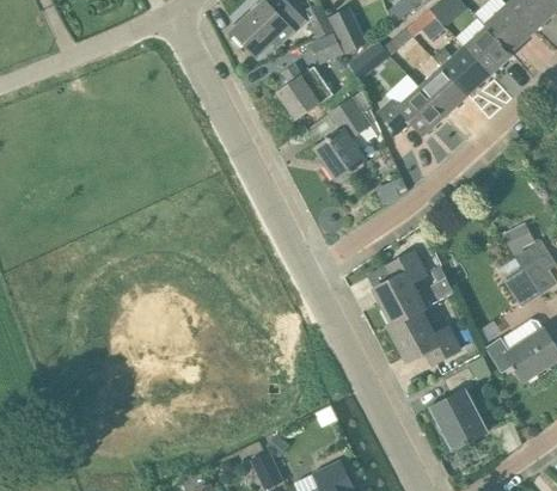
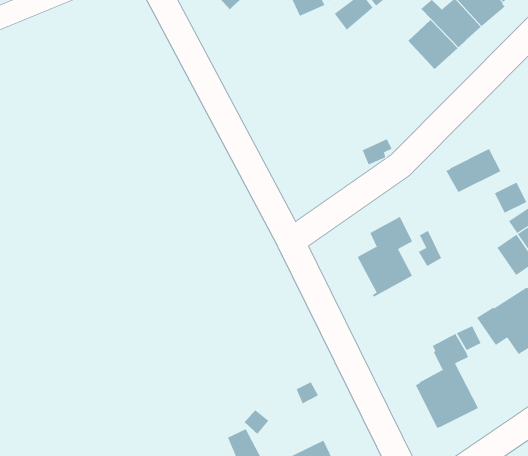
building: [277,63,333,119] -> none
building: [377,86,446,135] -> none
building: [317,99,377,178] -> none
building: none -> [446,148,501,193]
building: [388,307,460,364] -> none

